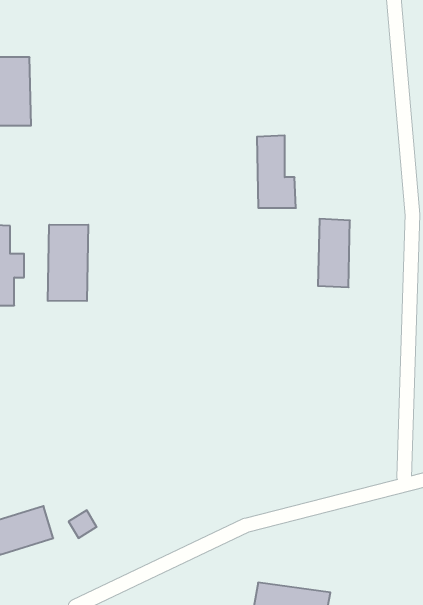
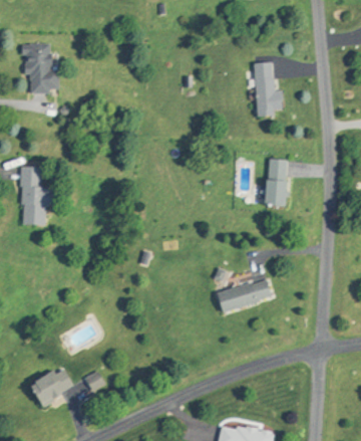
building: [257,135,296,208] -> [255,62,283,115]
building: [48,225,88,301] -> none
building: none -> [217,278,274,309]

